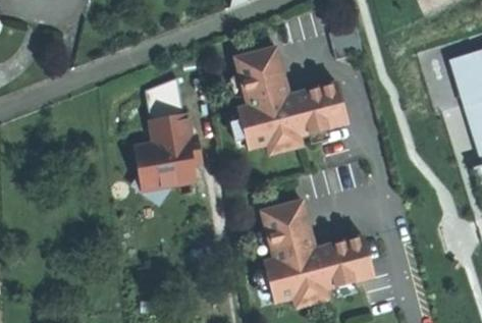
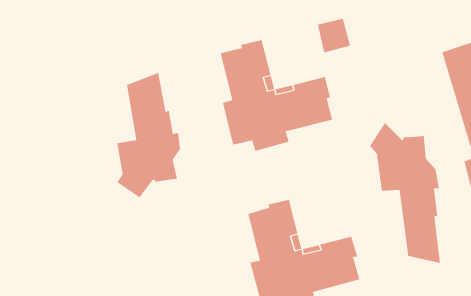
building: none -> [369,122,441,264]

